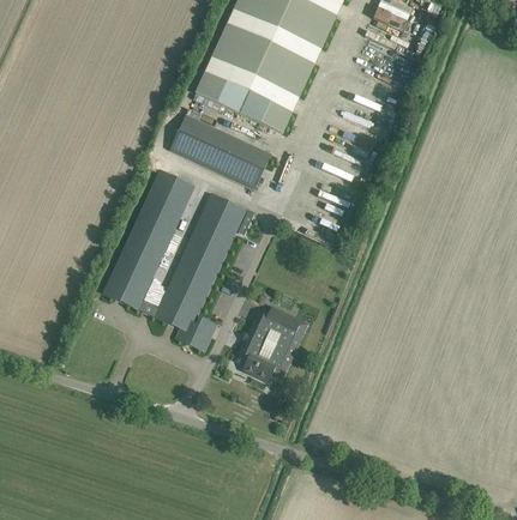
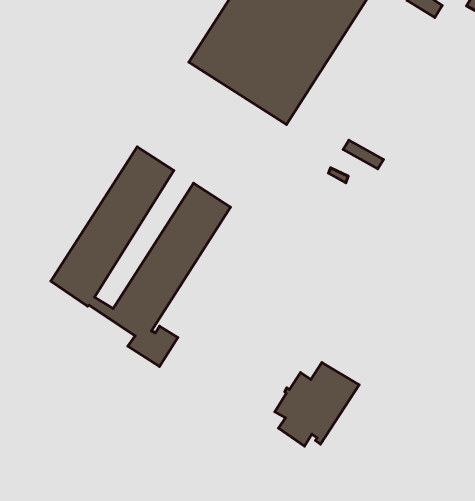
building: [169,113,271,188] -> none
building: [240,308,307,380] -> [275,363,359,446]

